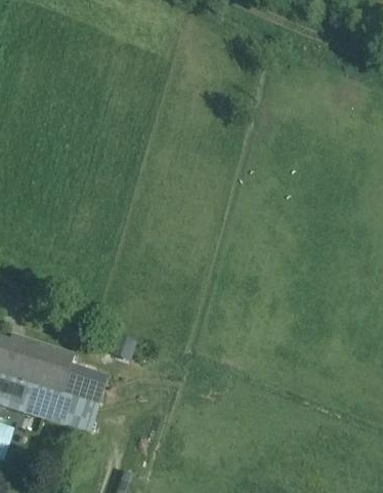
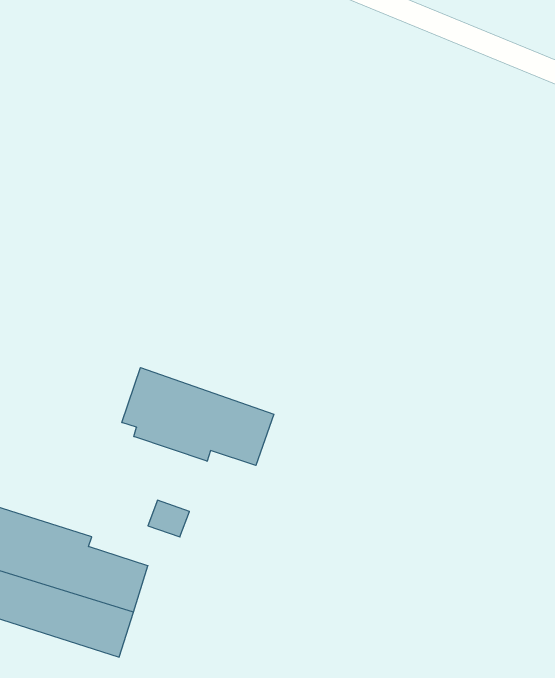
building: none -> [122,368,274,465]

